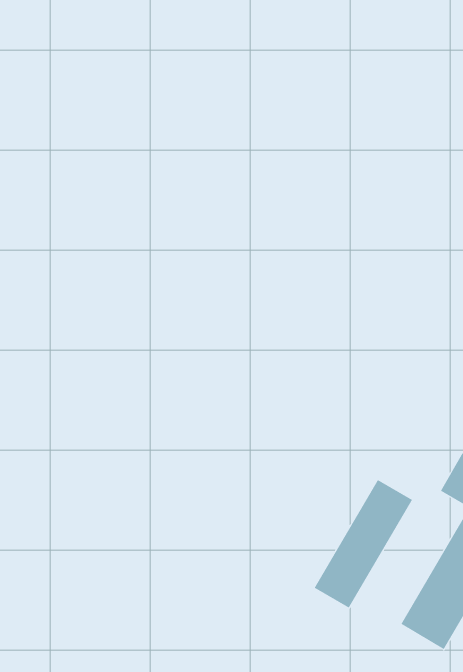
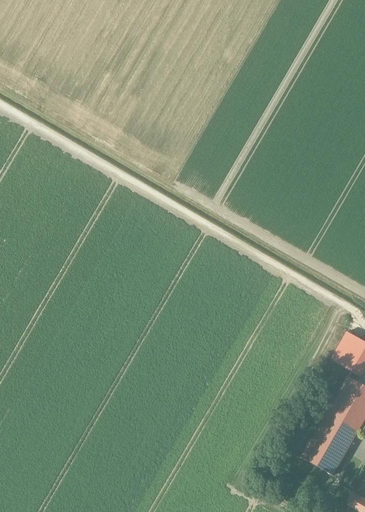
building: [314,479,413,608] -> none

